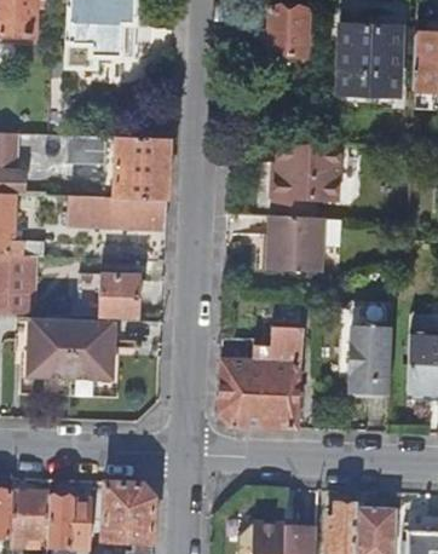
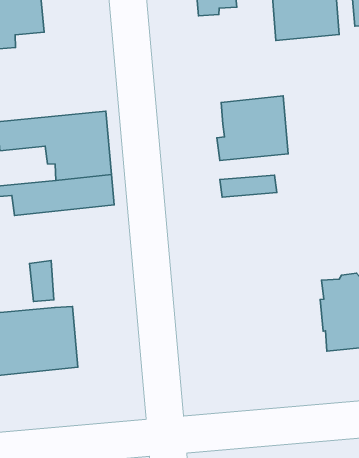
building: [263,233,321,273] -> none
building: [97,272,138,318] -> none
building: [219,327,300,429] -> none

